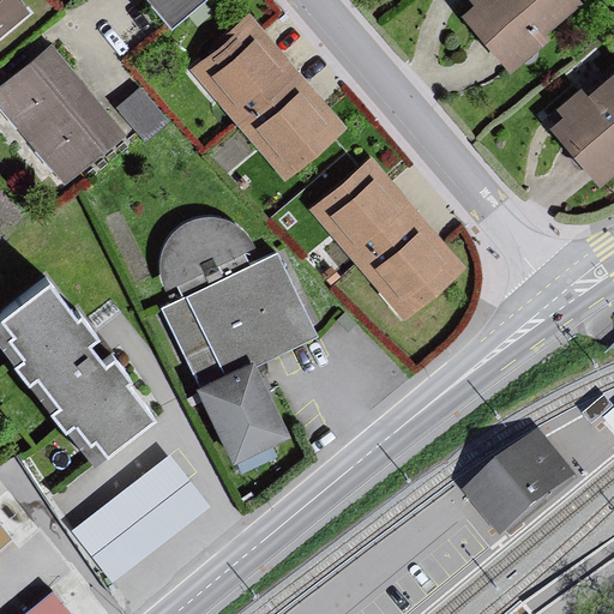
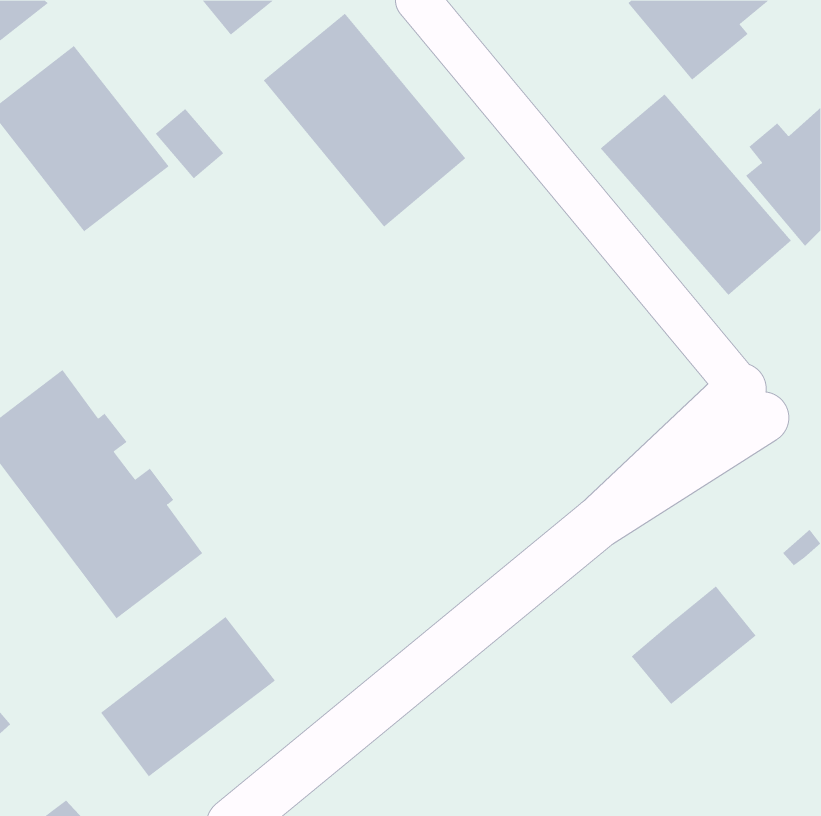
building: none -> [600,94,792,296]
building: [313,168,460,321] -> none
building: [158,213,319,462] -> none

